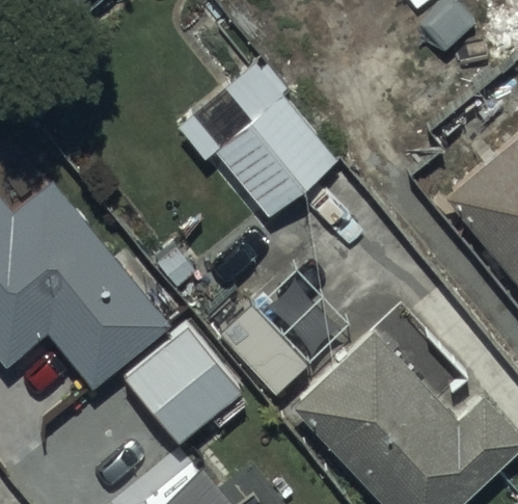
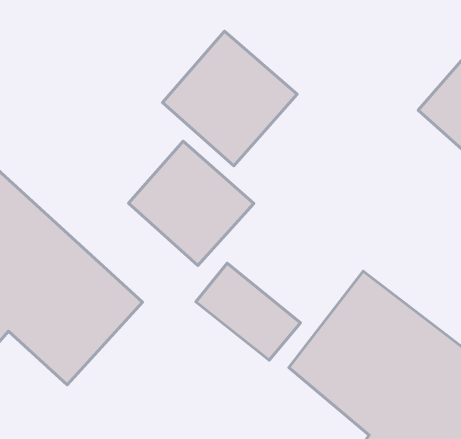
building: none -> [128,141,254,265]
building: [126,320,251,444] -> none

